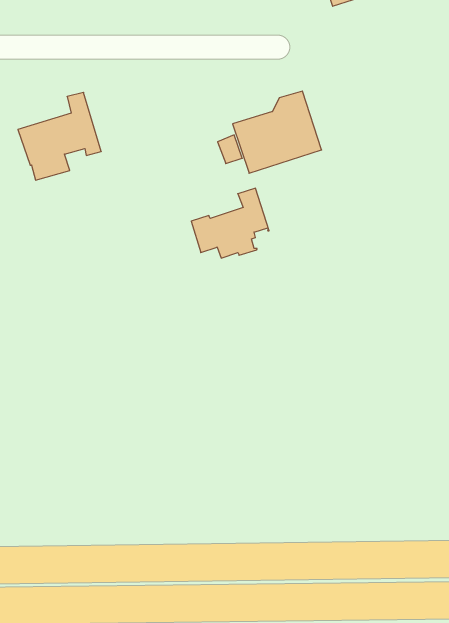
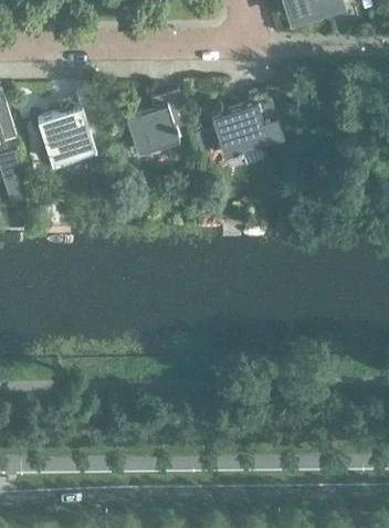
building: [191,188,269,258] -> [126,93,189,149]

